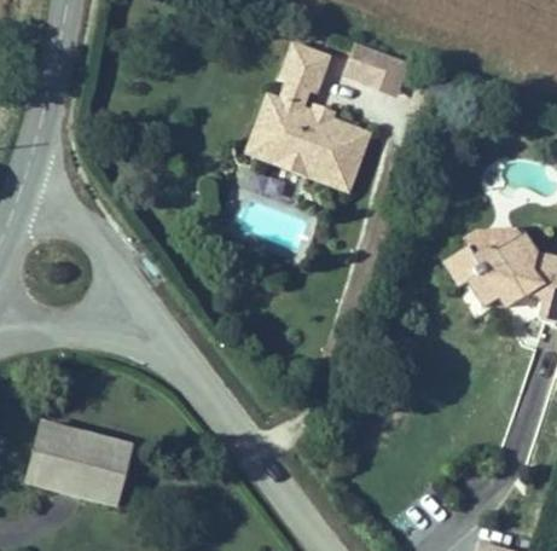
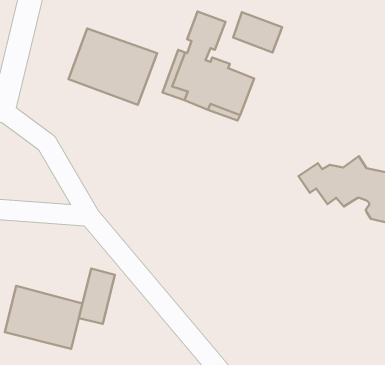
building: none -> [68,28,157,105]
building: none -> [79,268,115,324]

